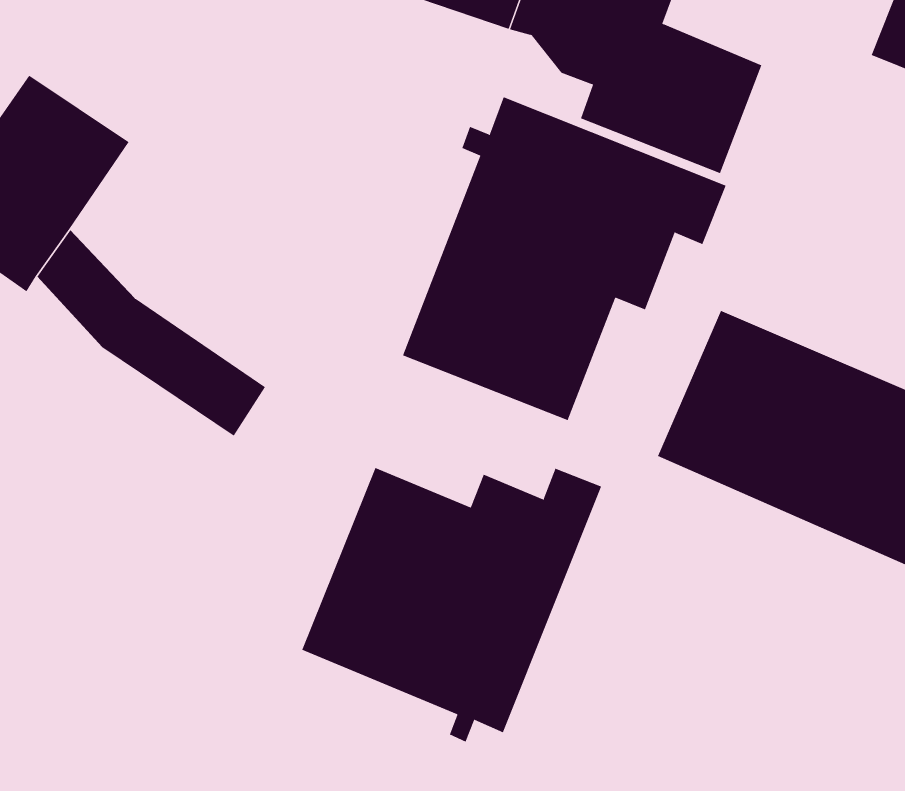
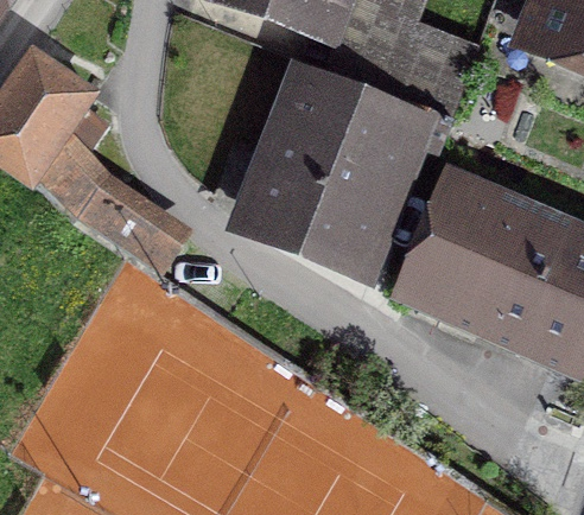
building: [302,467,602,742] -> none

